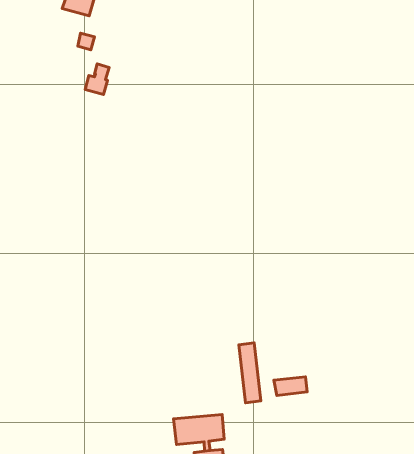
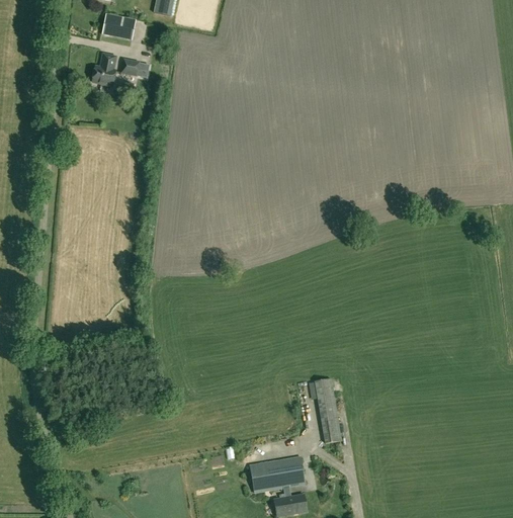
building: [85,64,109,94] -> [91,53,115,85]
building: [274,377,307,395] -> none

